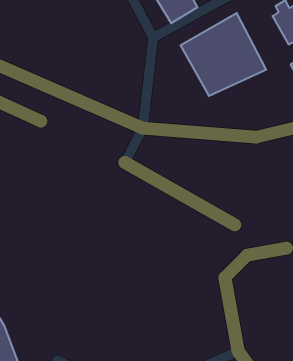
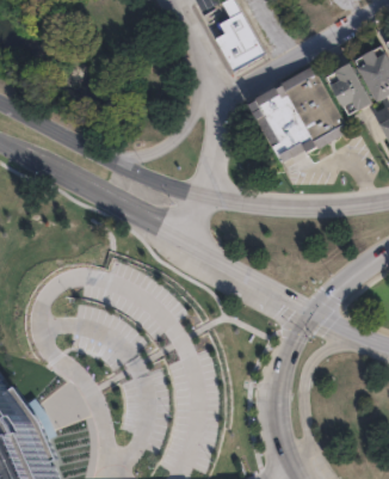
building: none -> [331,66,368,110]

